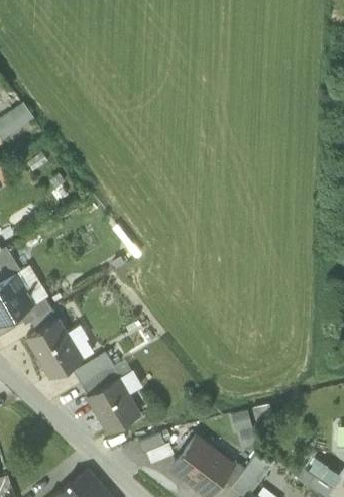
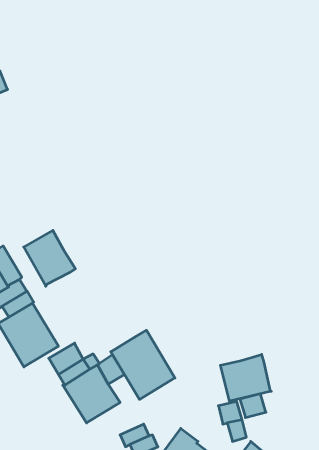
building: none -> [24,230,75,286]
building: none -> [111,330,175,399]
building: none -> [220,354,271,401]

